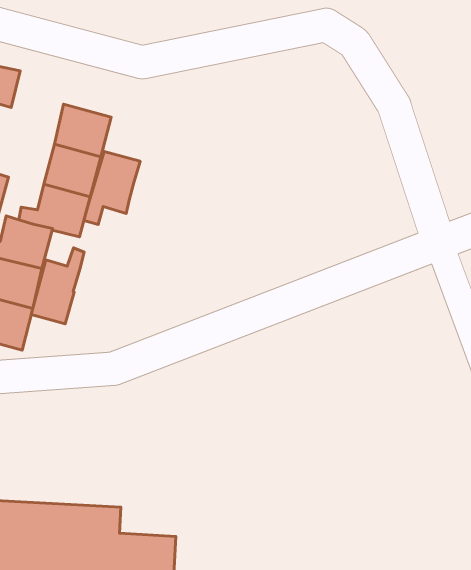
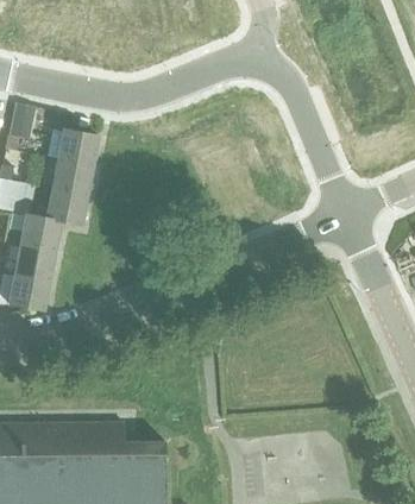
building: [84,151,140,224] -> none
building: [31,248,84,324] -> none

